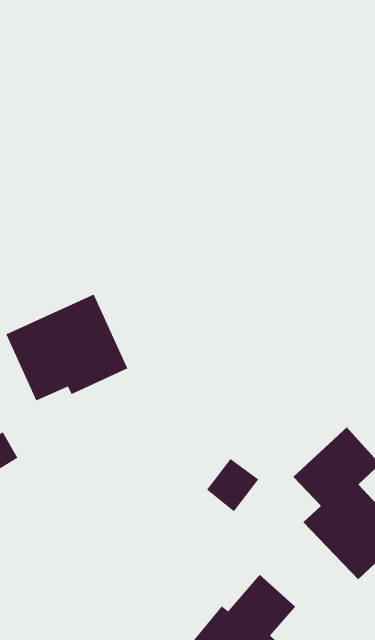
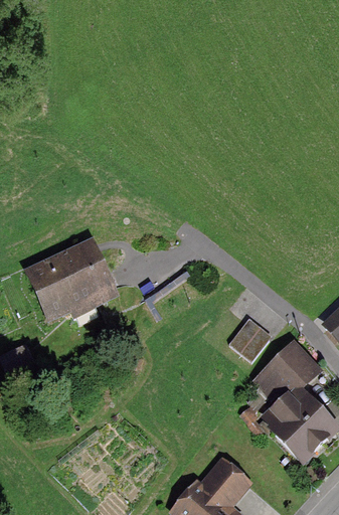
building: [206,458,259,512] -> [229,320,272,363]

